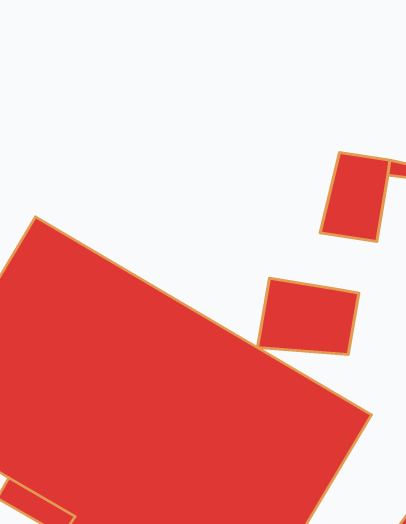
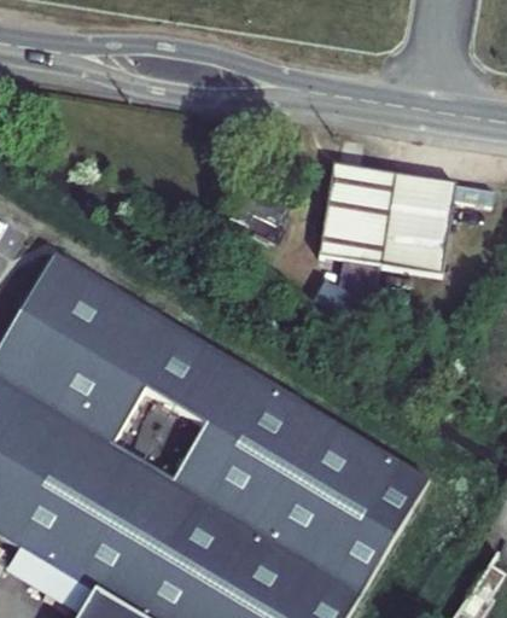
building: none -> [314,170,396,272]
building: [258,278,359,355] -> none

